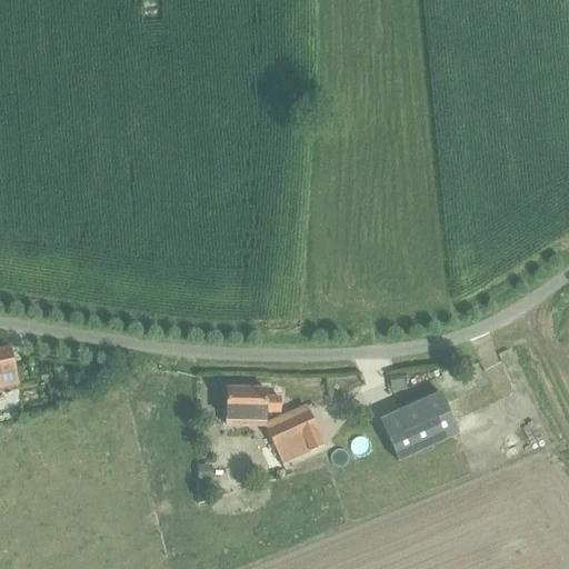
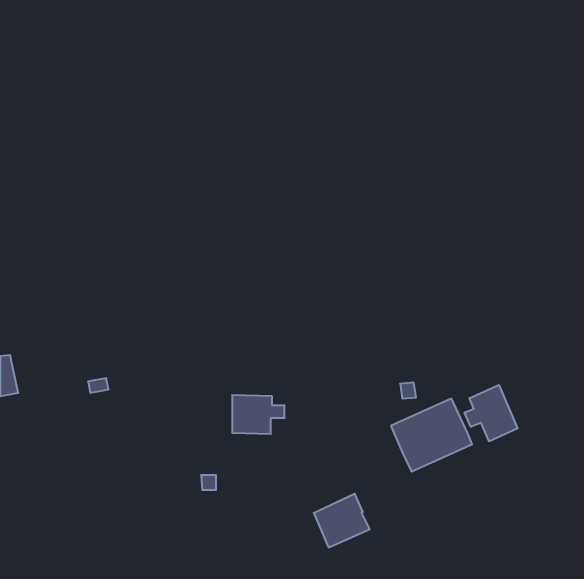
building: none -> [465,385,518,441]
building: [268,409,322,461] -> [314,494,370,547]

